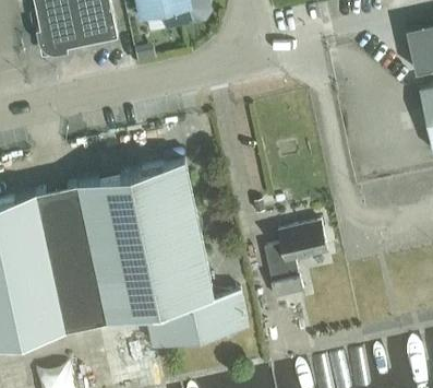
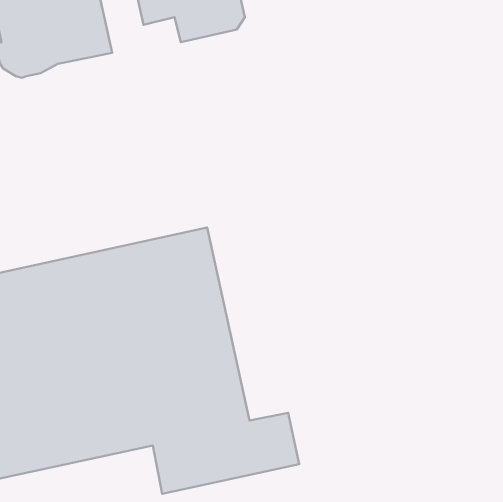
building: [264,224,327,301] -> none

